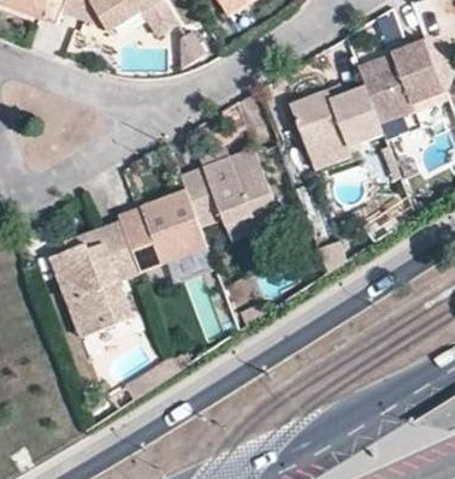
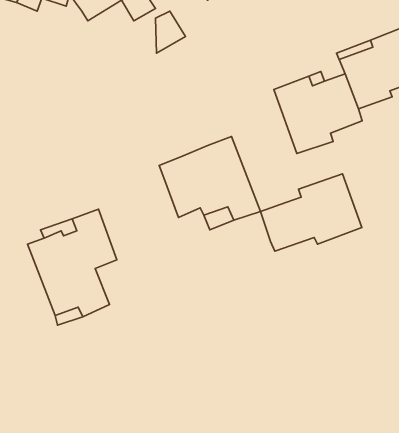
building: none -> [261,174,362,251]
building: [117,190,206,272] -> none

